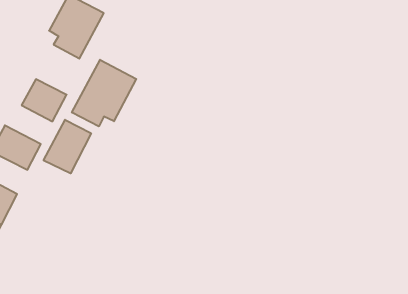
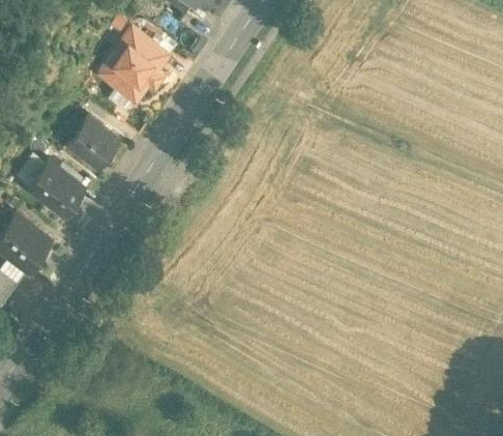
building: [72,60,136,126] -> none
building: [44,120,91,173] -> none

